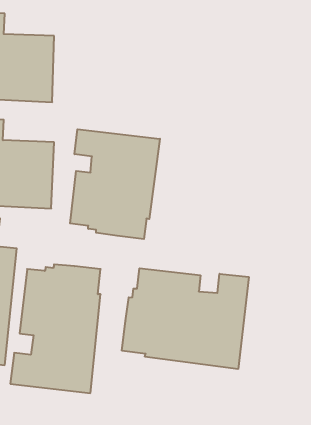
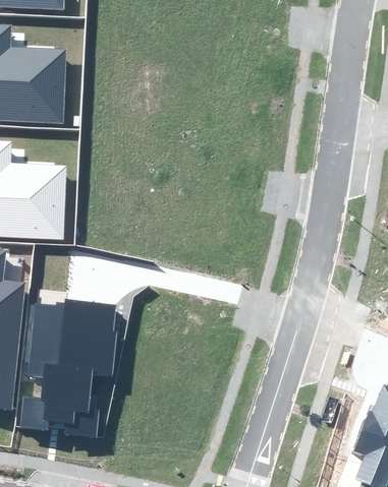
building: [70,129,160,239] -> none
building: [122,268,249,369] -> none

